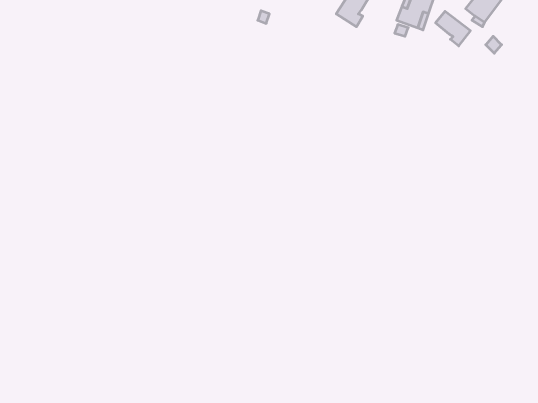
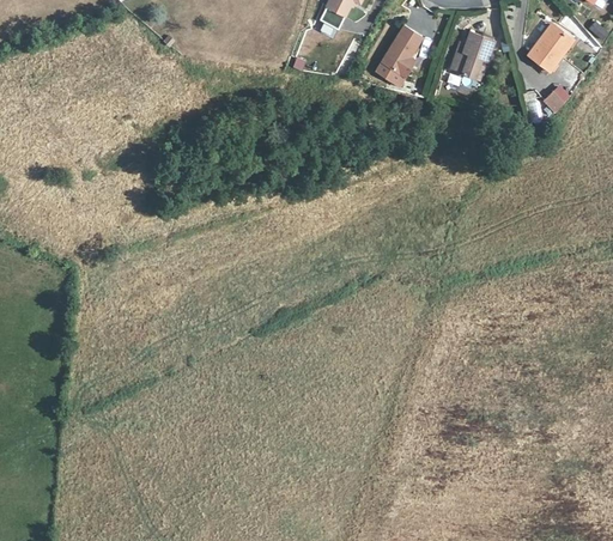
building: [436,11,470,46] -> none

